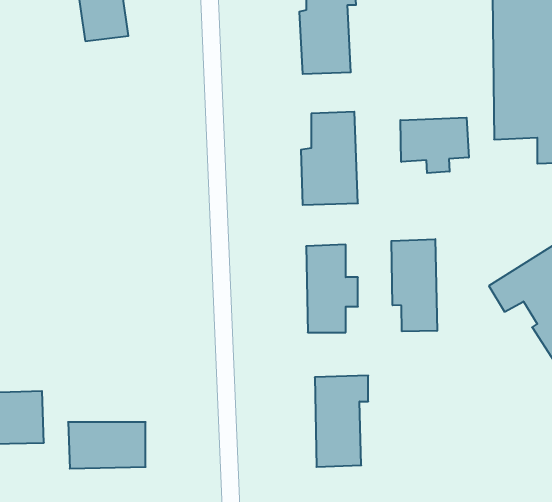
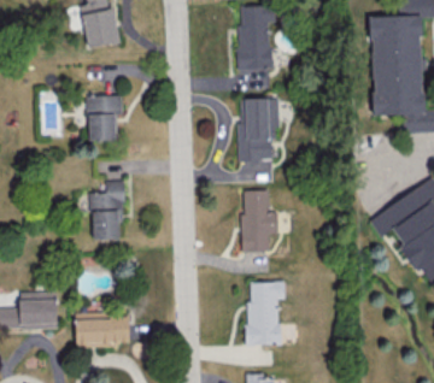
building: none -> [87,95,122,141]
building: [400,118,469,173] -> none
building: none -> [92,182,123,240]
building: [391,239,437,331] -> none

